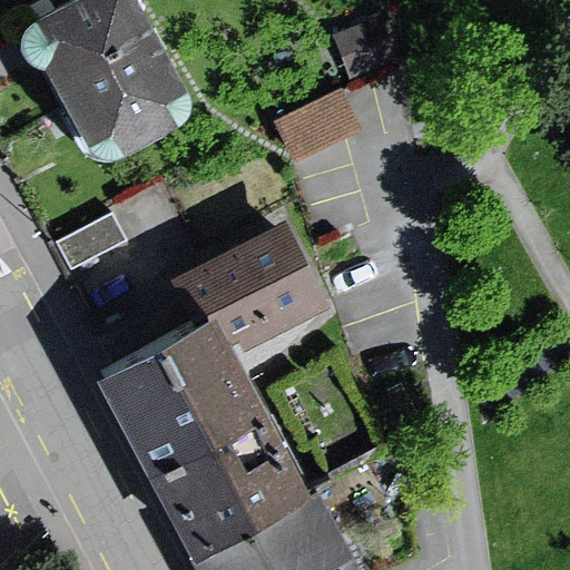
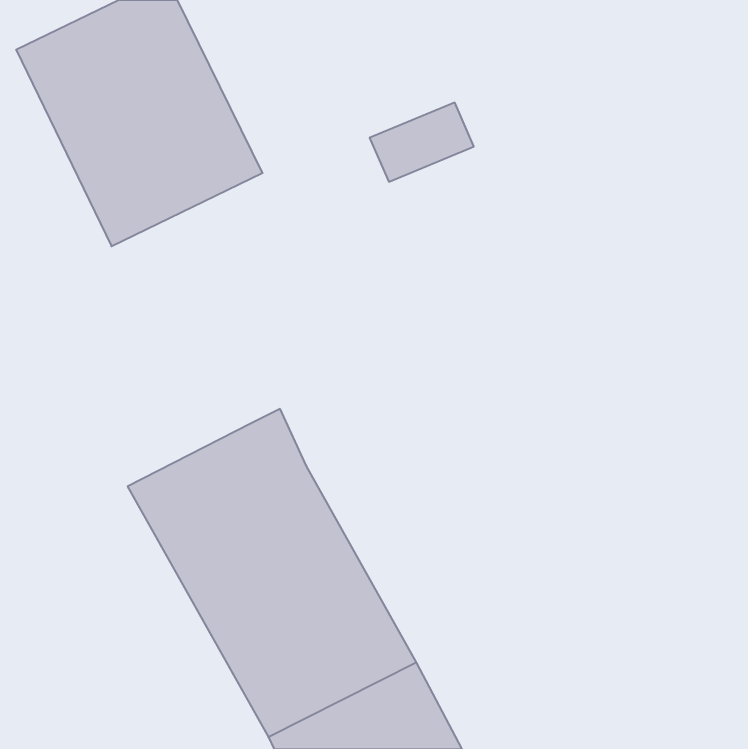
building: [171,223,335,354] -> none

